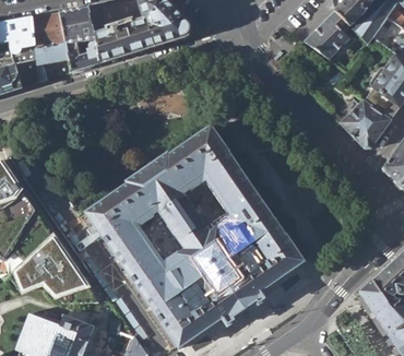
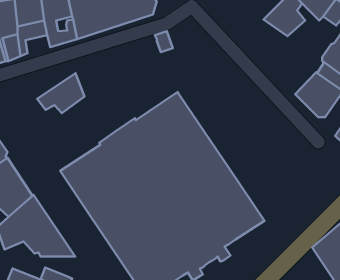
building: none -> [37,73,84,113]

